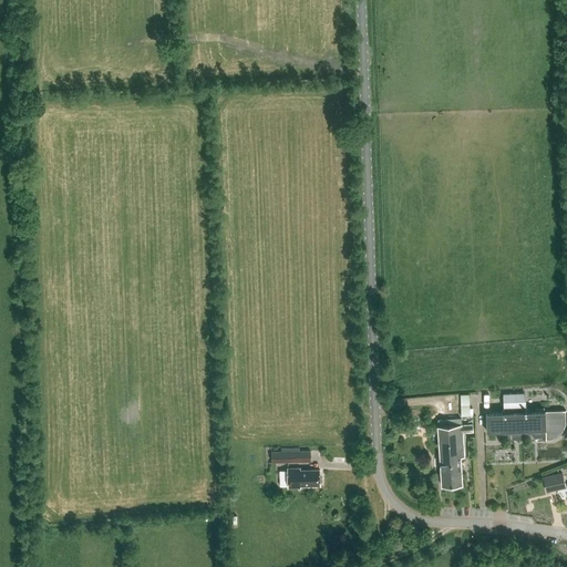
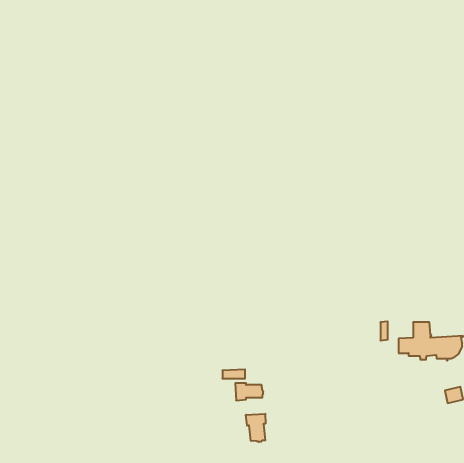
building: [433,420,473,486] -> none
building: none -> [246,414,265,442]

